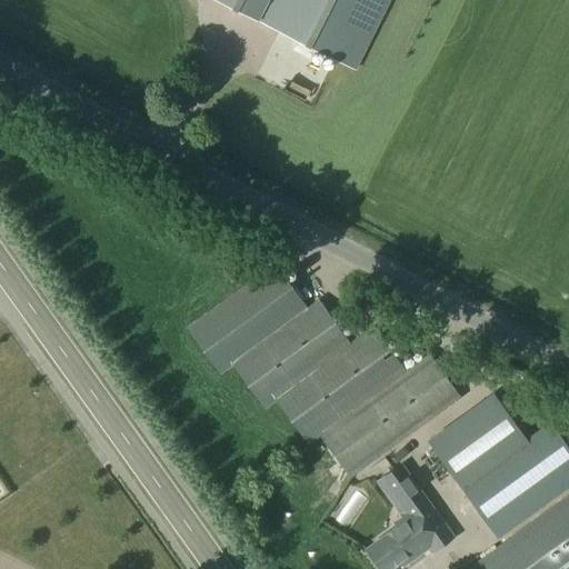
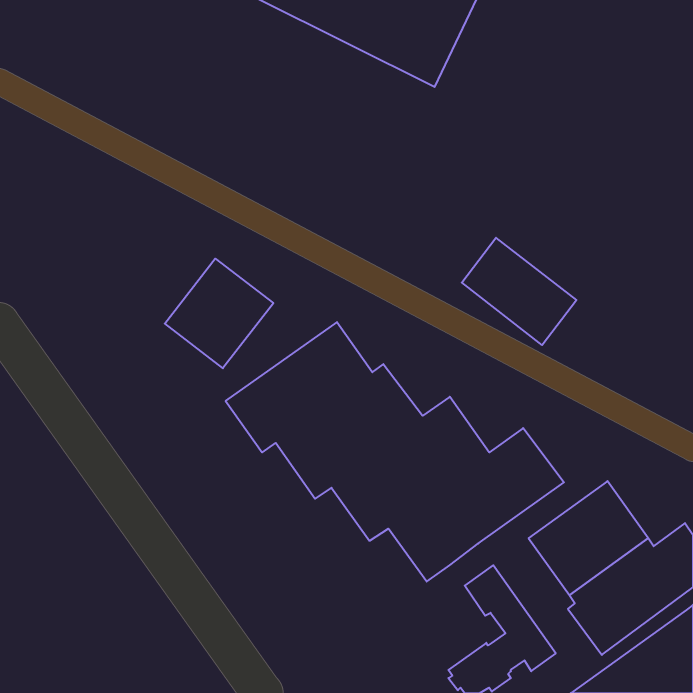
building: none -> [462,238,576,345]
building: none -> [165,259,273,368]

